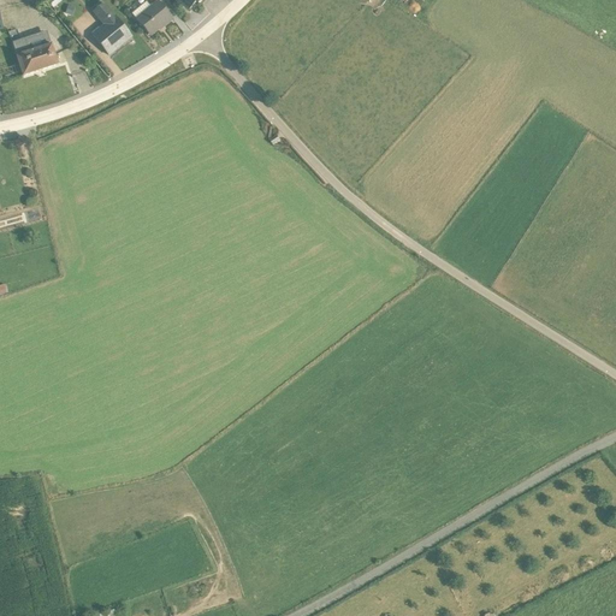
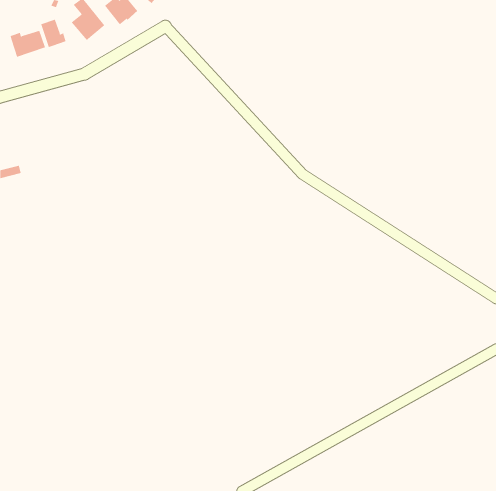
building: none -> [41,19,66,48]

